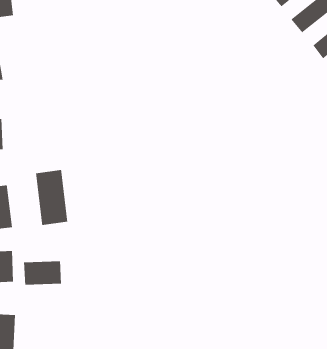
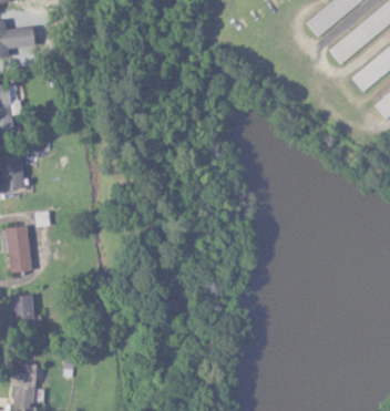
building: [35,169,68,226] -> none
building: [24,261,62,285] -> none

